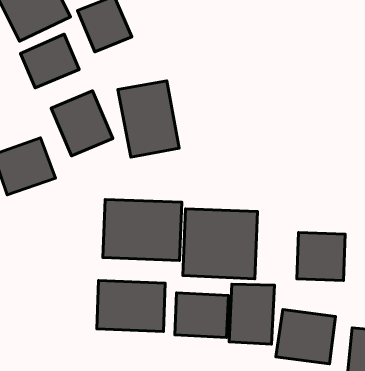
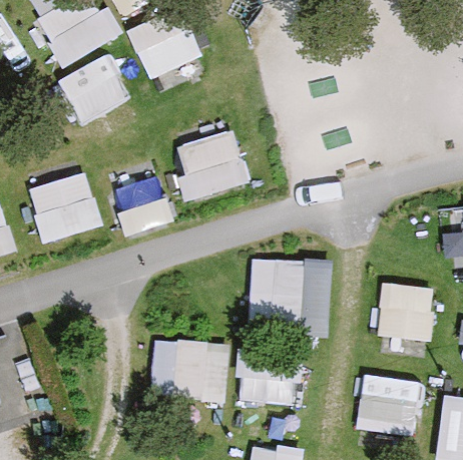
building: [51,91,113,156] -> none
building: [103,199,182,261] -> none
building: [229,284,274,344] -> none

